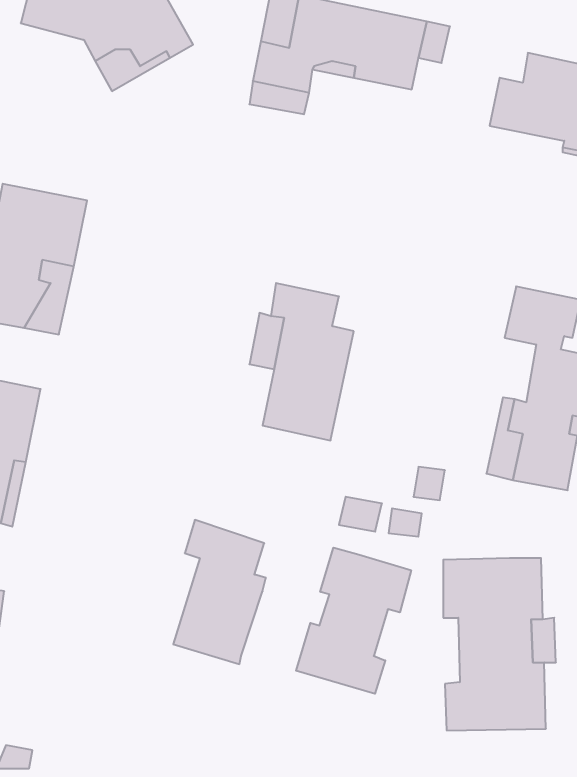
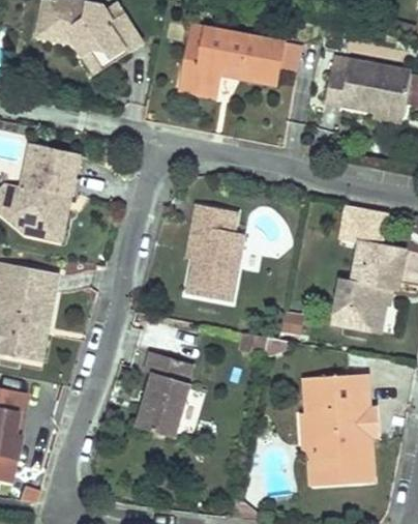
building: [296,548,411,694] -> none

